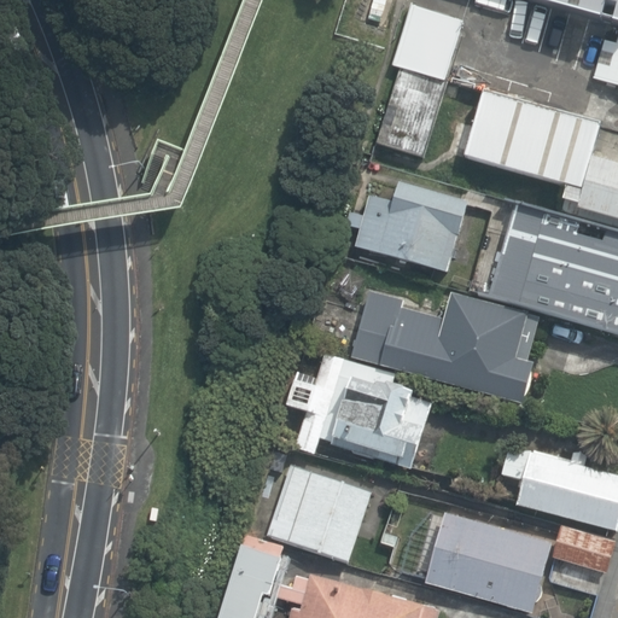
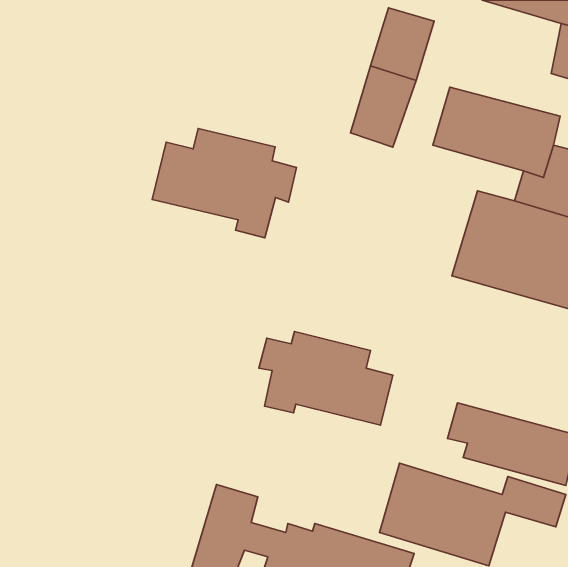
building: none -> [152,128,297,238]
building: [348,176,465,274] -> none
building: [345,288,537,400] -> none
building: [272,465,392,571] -> none

